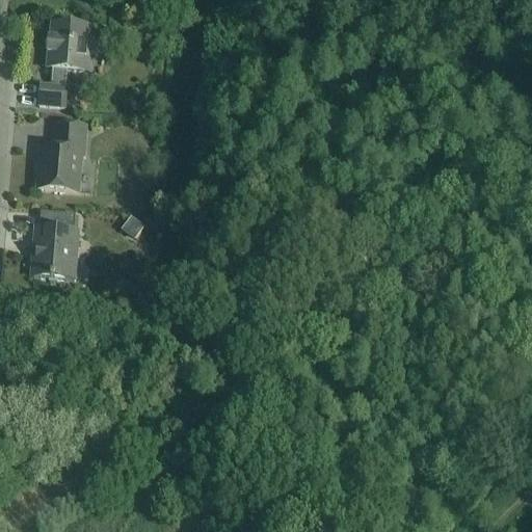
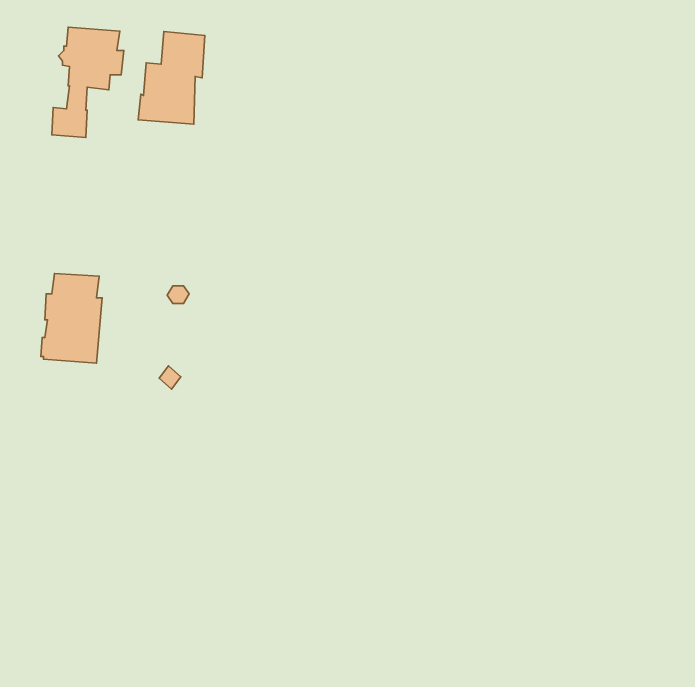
building: [36,119,87,190] -> [138,32,205,124]

